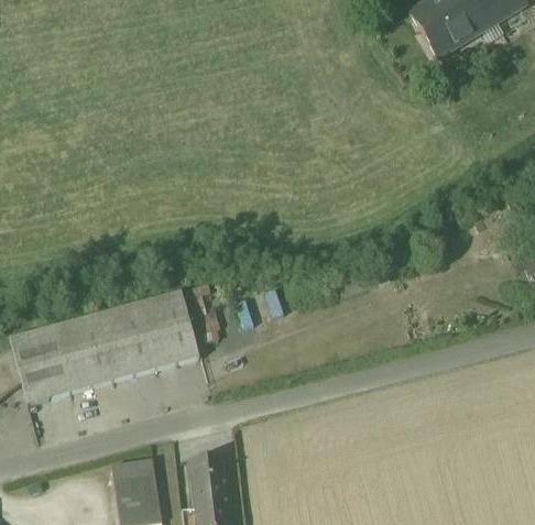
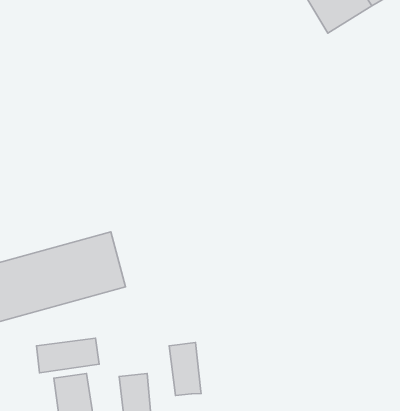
building: none -> [37,338,99,373]
building: none -> [169,342,201,396]

